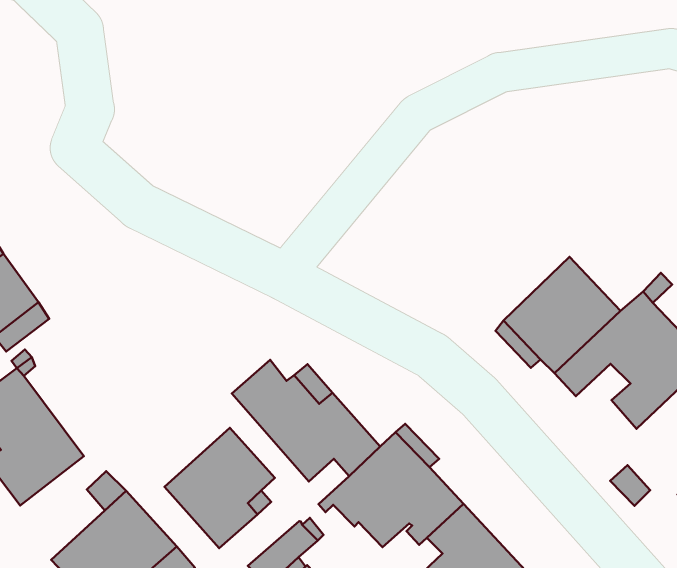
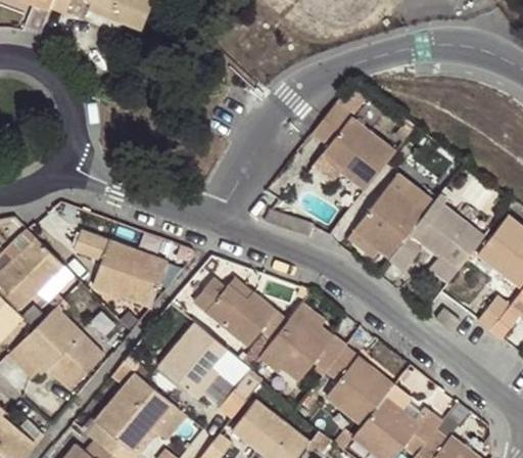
building: none -> [313,103,396,191]
building: none -> [74,230,167,306]

